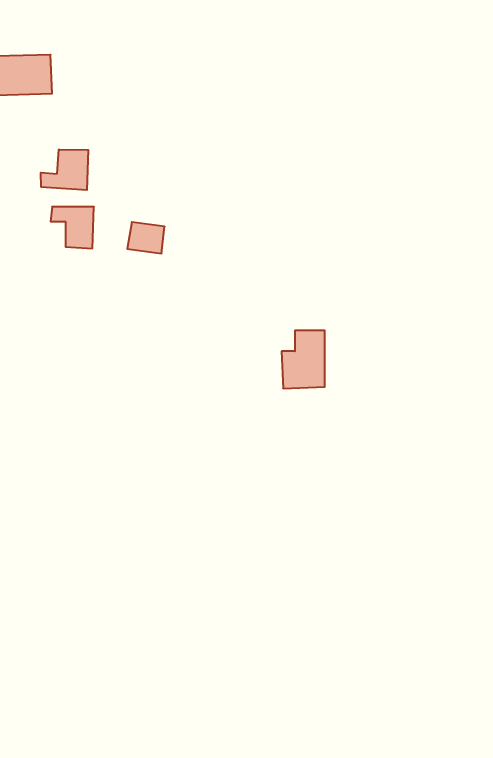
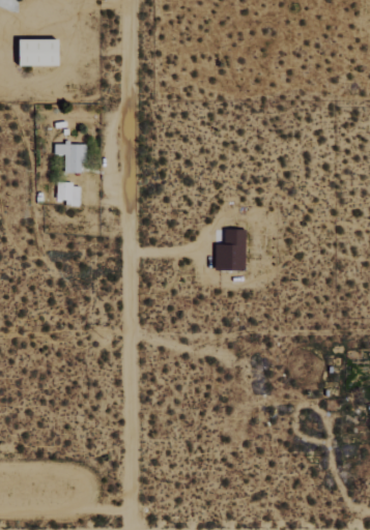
building: [41,149,88,190] -> none
building: [127,222,165,253] -> [56,182,82,204]

